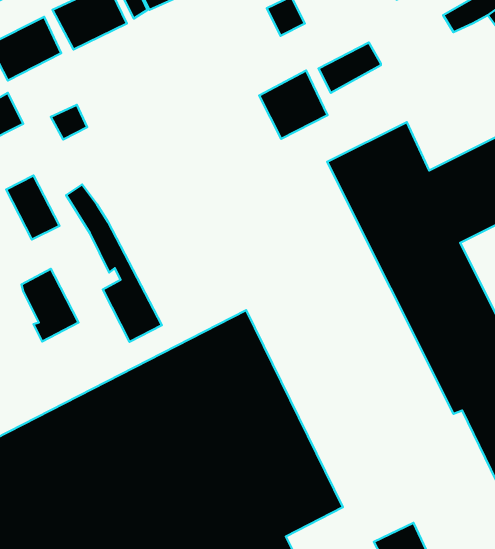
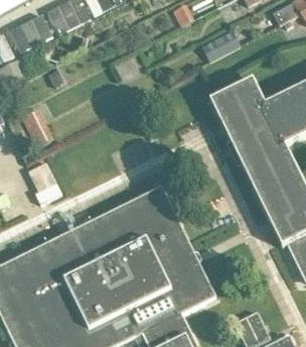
building: [259,71,328,139] -> none
building: [66,184,162,342] -> none

